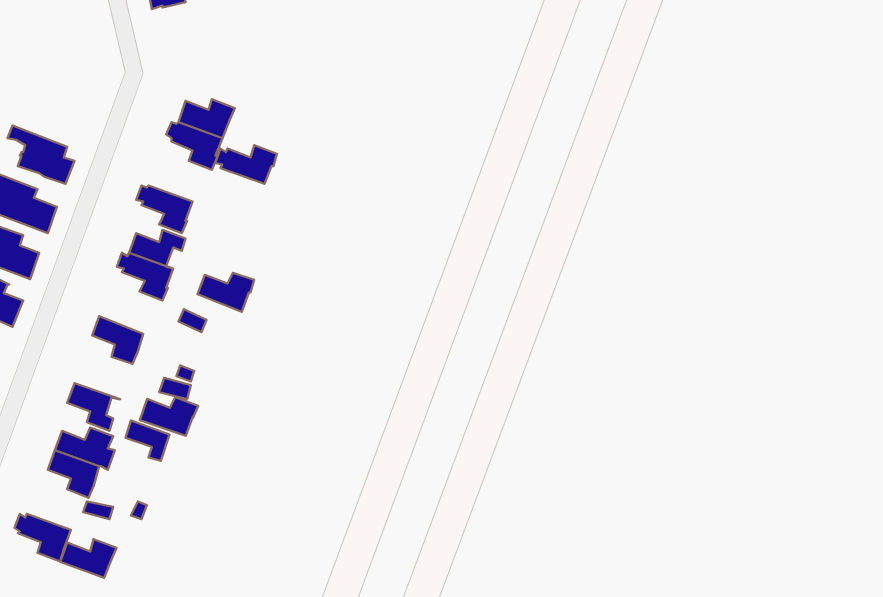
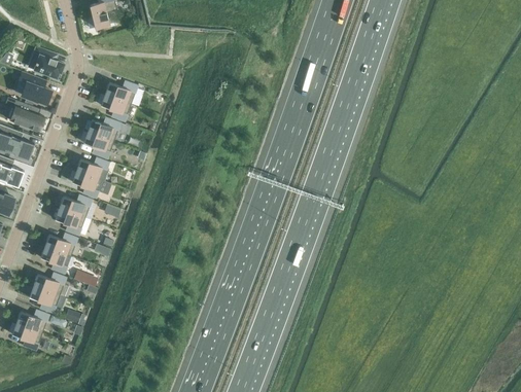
building: none -> [33,46,64,78]
building: none -> [19,71,51,104]
building: [215,145,277,184] -> [84,118,120,141]
building: [198,273,254,312] -> [59,195,92,218]
building: [140,397,198,436] -> [44,234,78,256]
building: [60,539,117,578] -> [16,310,49,332]

